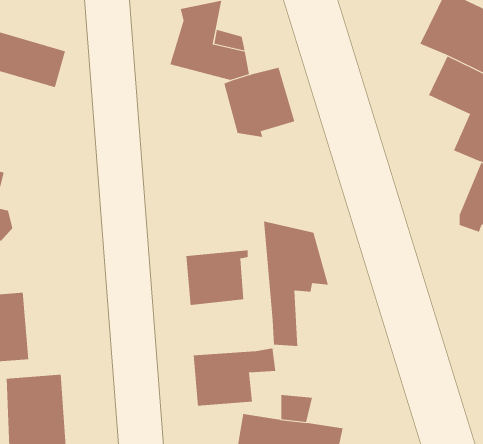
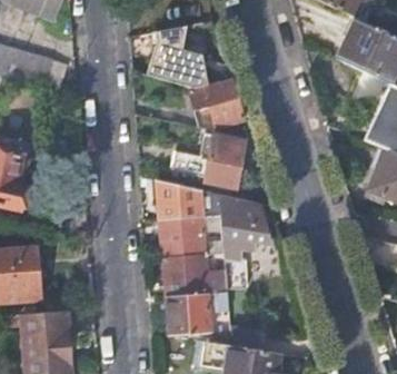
building: none -> [171,135,245,186]
building: none -> [158,180,208,220]
building: none -> [163,254,227,296]

